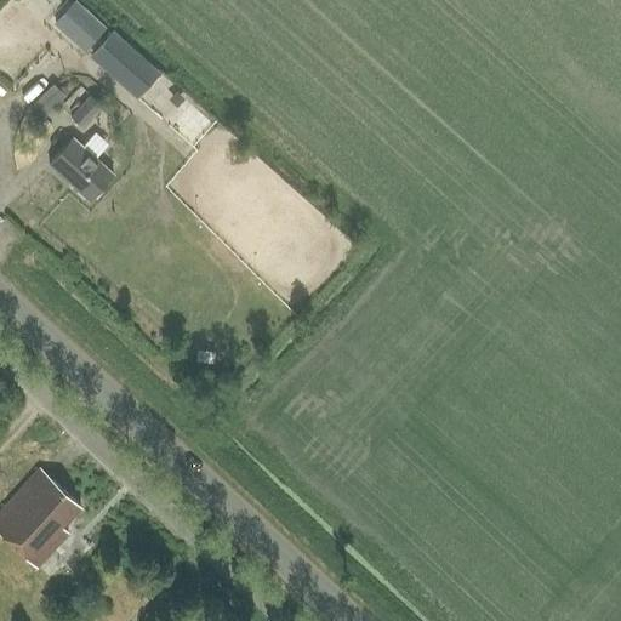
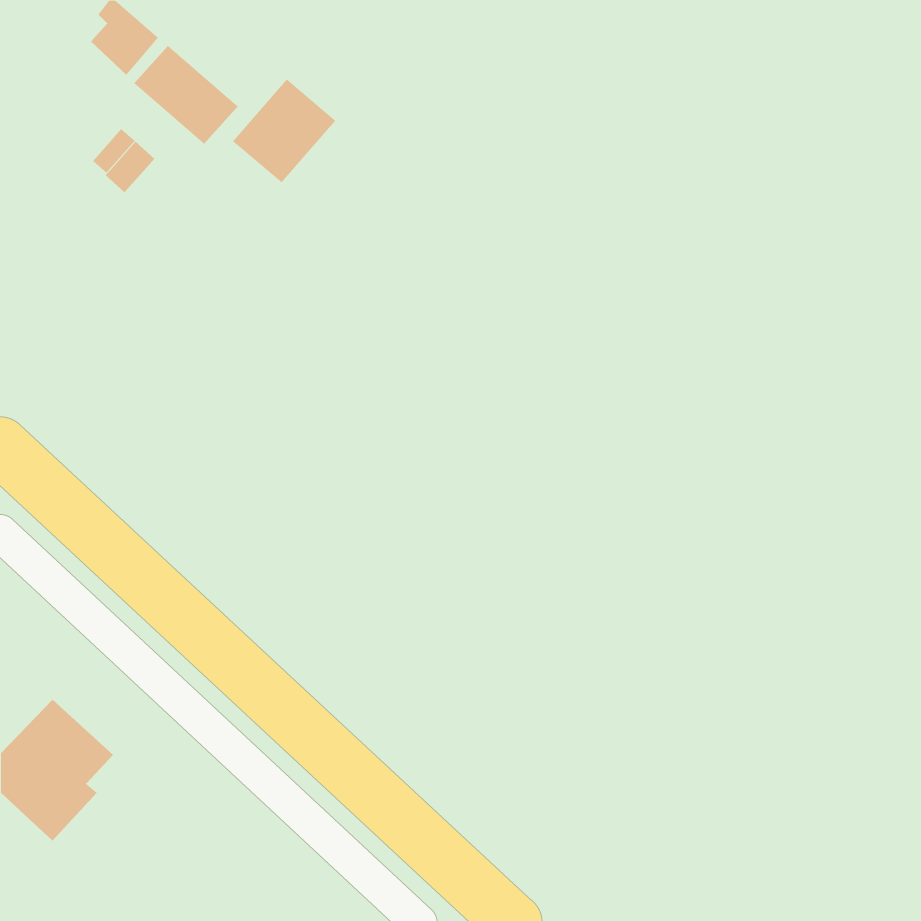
building: none -> [232,79,336,183]
building: [50,141,115,204] -> none

